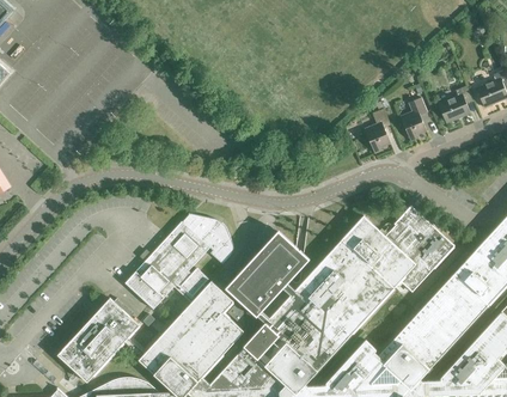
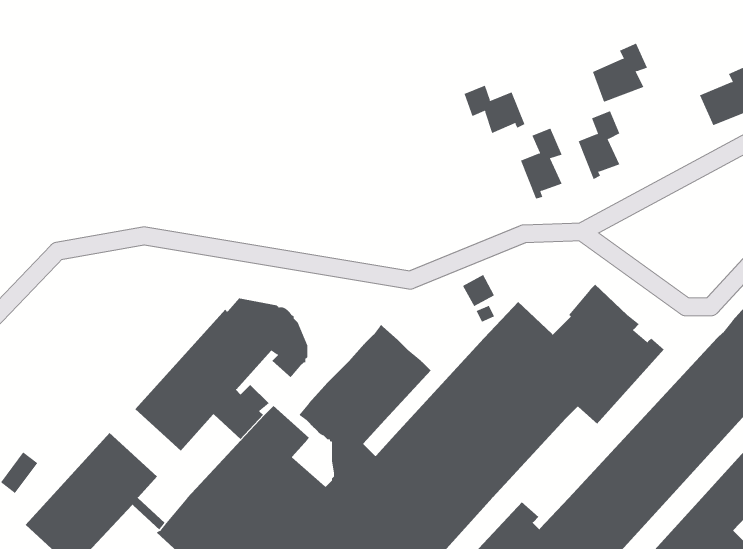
building: none -> [464,85,525,134]
building: [439,86,474,123] -> [592,43,648,103]

